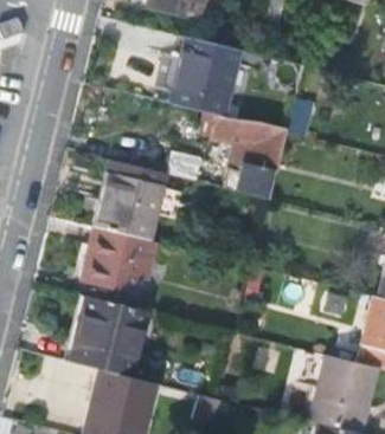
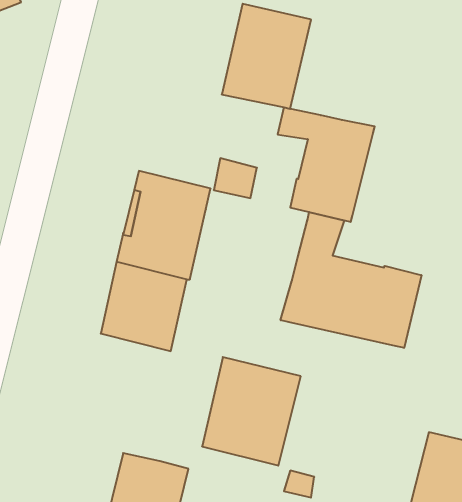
building: none -> [281,212,421,348]
building: [71,294,145,375] -> [202,357,301,466]

